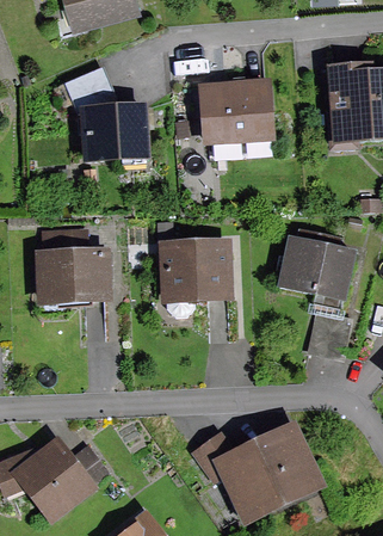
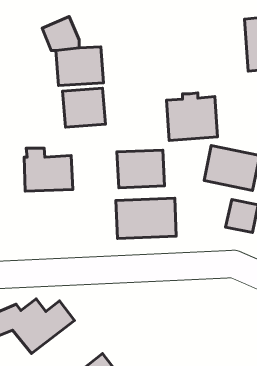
building: [202,79,270,142] -> [166,93,218,140]
building: none -> [63,88,105,127]
building: none -> [116,198,176,238]
building: [194,436,310,512] -> none

